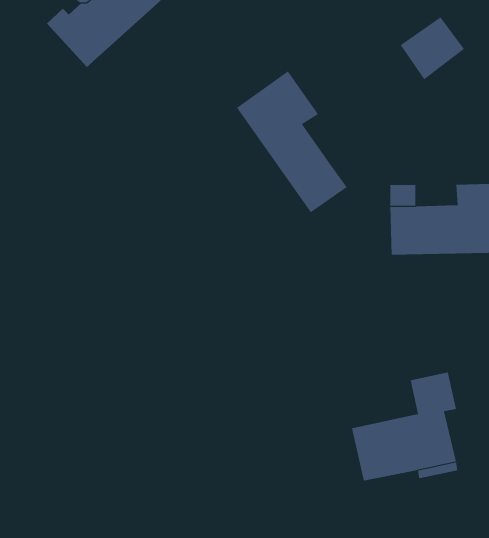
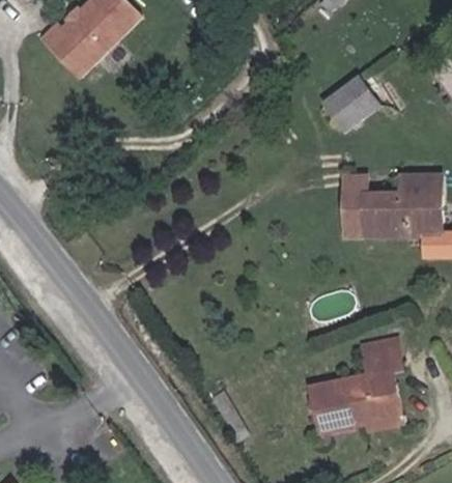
building: [400,16,465,80] -> [321,78,377,133]
building: [236,70,348,213] -> none

